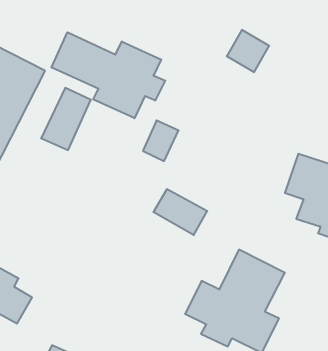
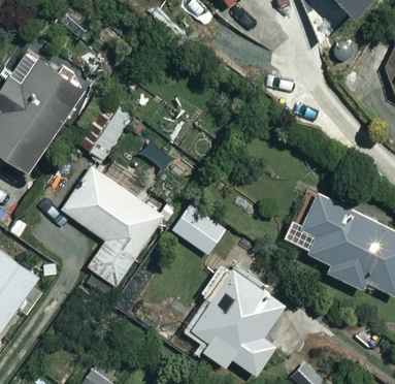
building: [52,32,165,118] -> none
building: none -> [61,166,164,286]

